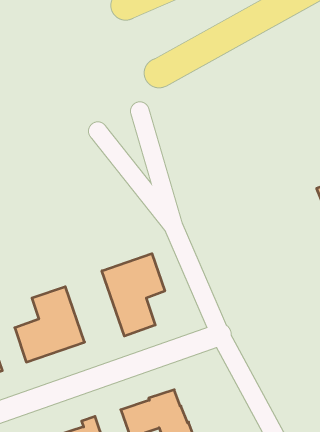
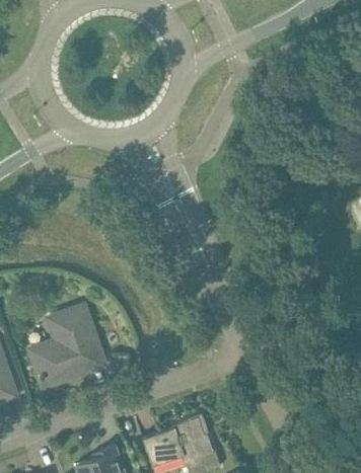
building: [102,254,165,336] -> none

